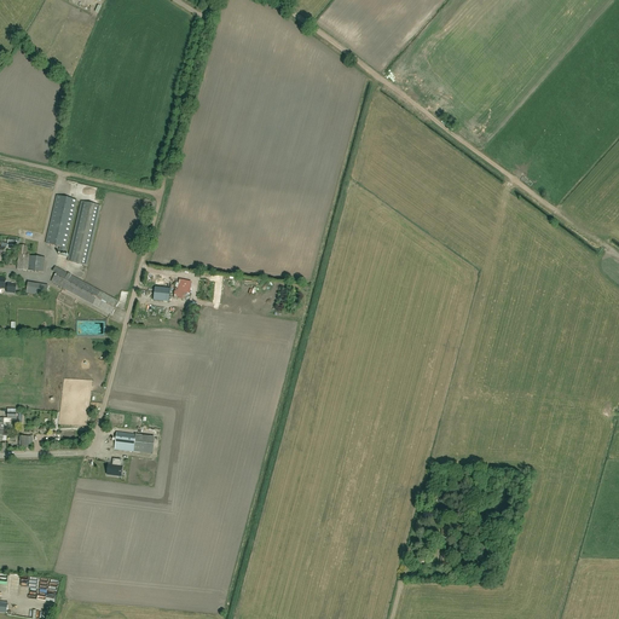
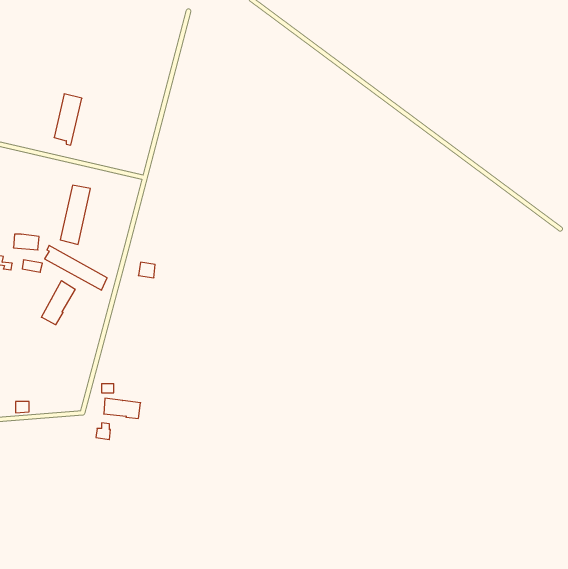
building: [44,195,74,250] -> [54,94,82,145]
building: none -> [41,281,75,325]

